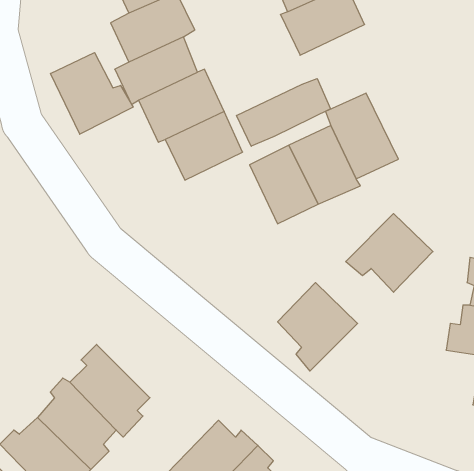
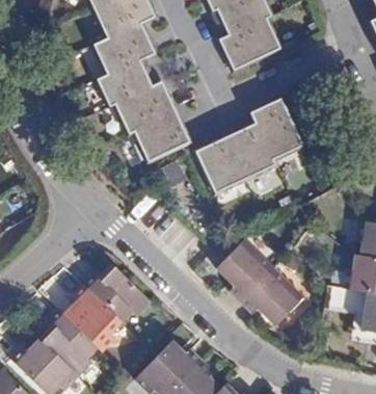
building: [51,53,133,134] -> none
building: [237,79,331,146] -> none
building: [346,214,433,292] -> [240,268,304,326]
building: none -> [82,264,150,323]

